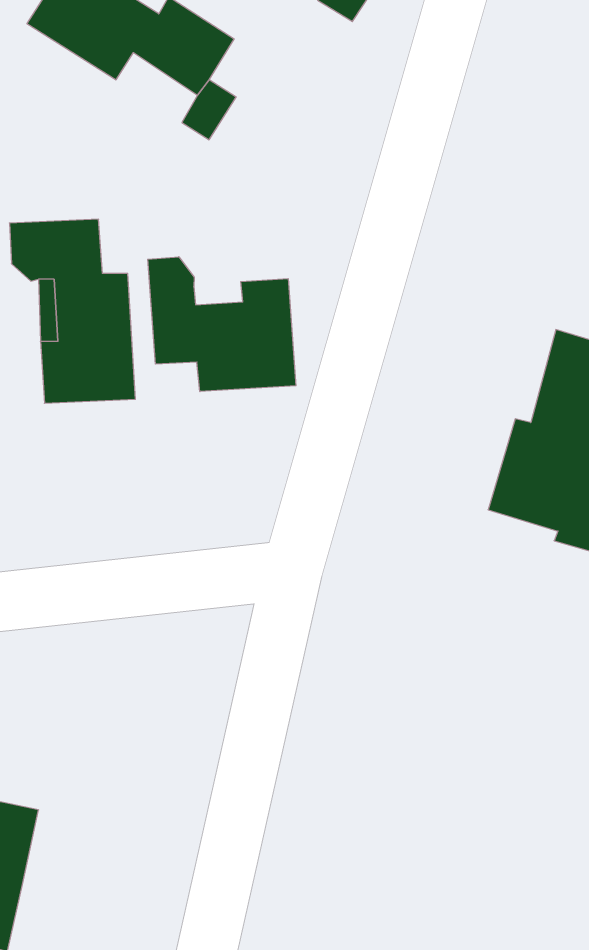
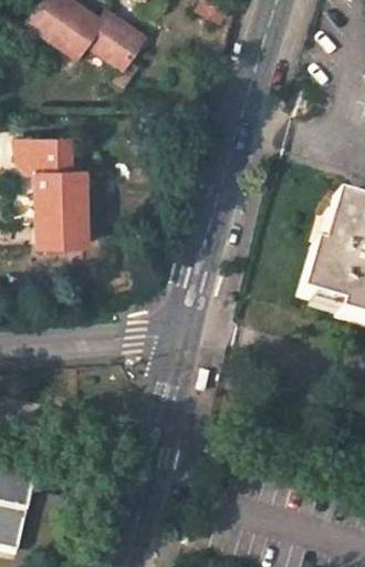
building: [148,257,296,392] -> none

